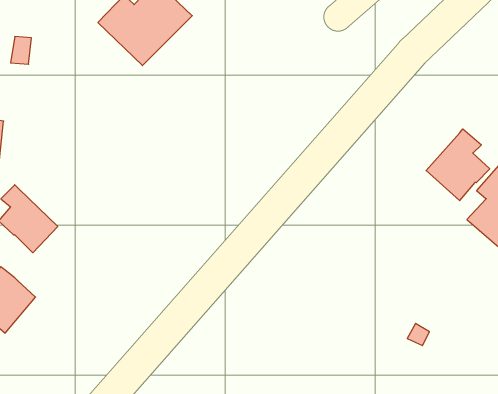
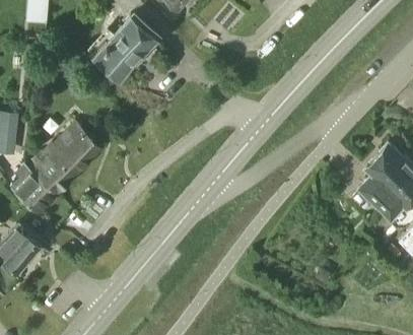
building: [426,129,490,201] -> none
building: none -> [29,125,102,196]

